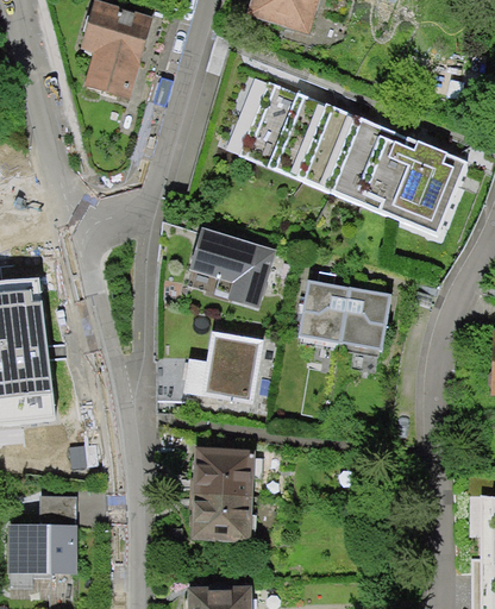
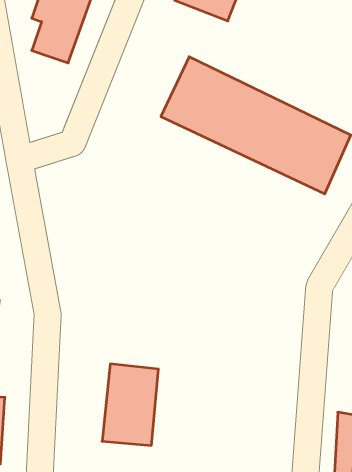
building: [194,230,271,308] -> none
building: [300,278,389,349] -> none
building: [184,332,261,401] -> none

